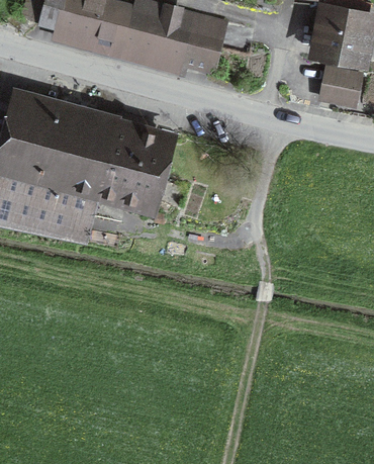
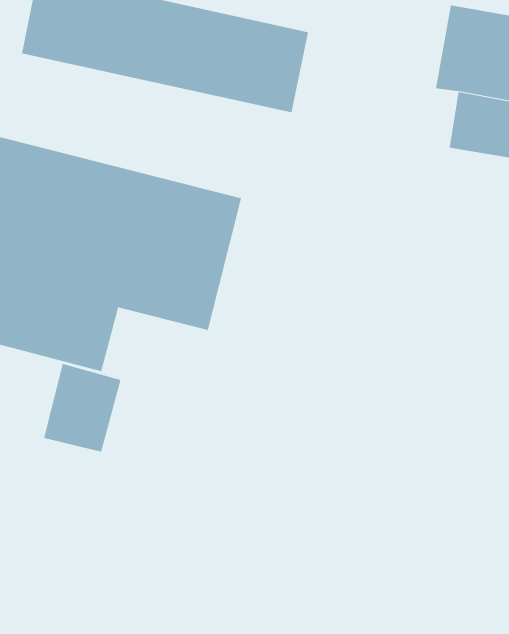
building: none -> [44,363,121,452]

